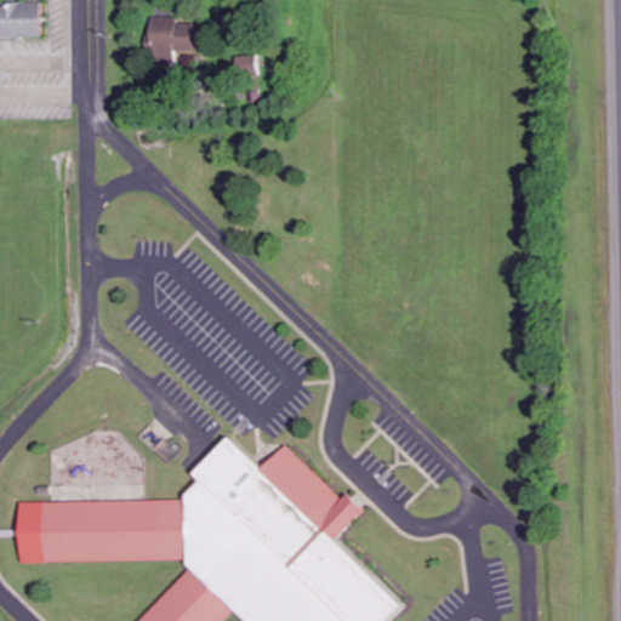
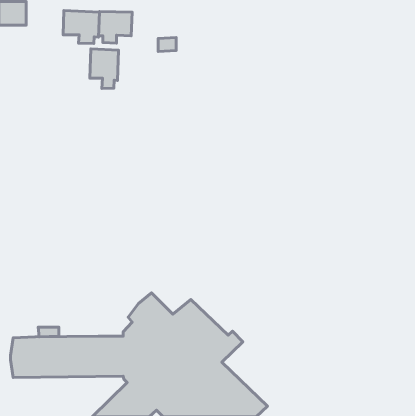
building: none -> [63,11,99,43]
building: none -> [90,49,119,88]

